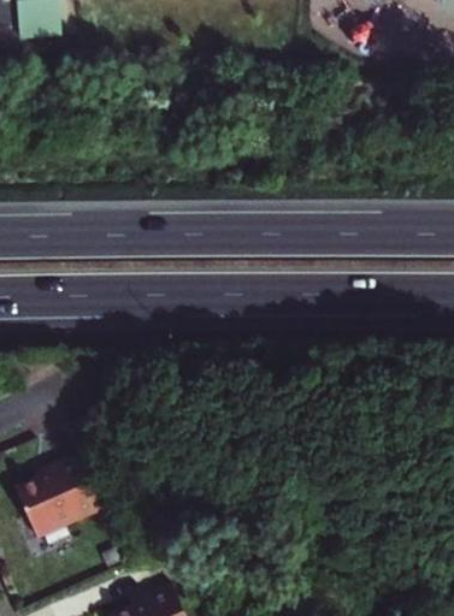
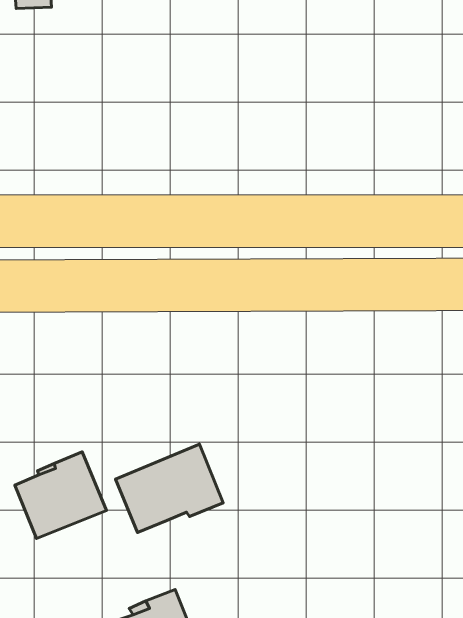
building: none -> [116,444,223,532]

